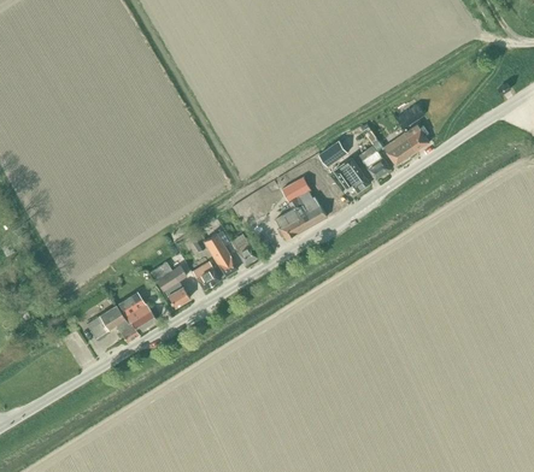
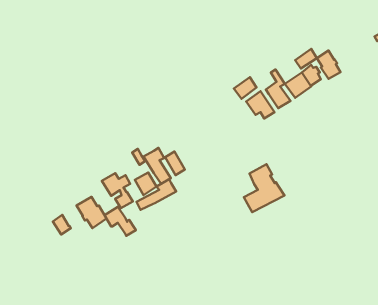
building: none -> [317,50,340,79]
building: [274,177,325,238] -> [244,164,284,212]
building: none -> [136,179,176,210]
building: [98,305,137,342] -> [105,207,136,236]

